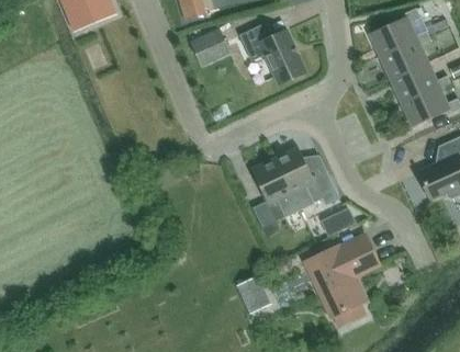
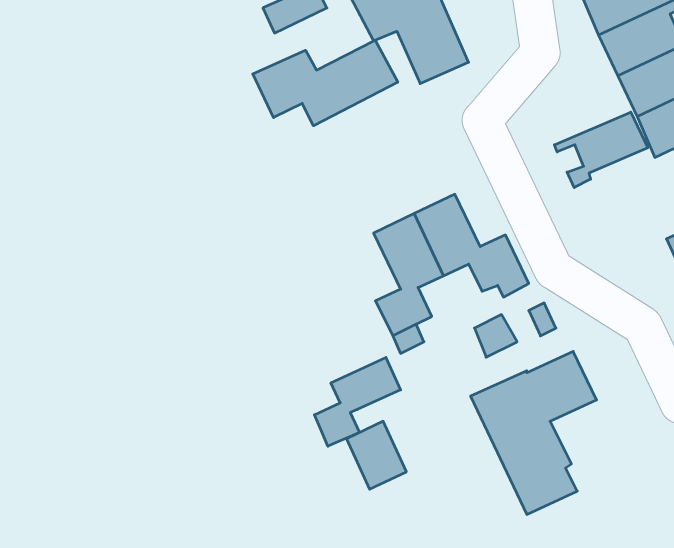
building: none -> [253,40,398,126]
building: none -> [554,112,648,188]
building: none -> [314,357,401,446]

